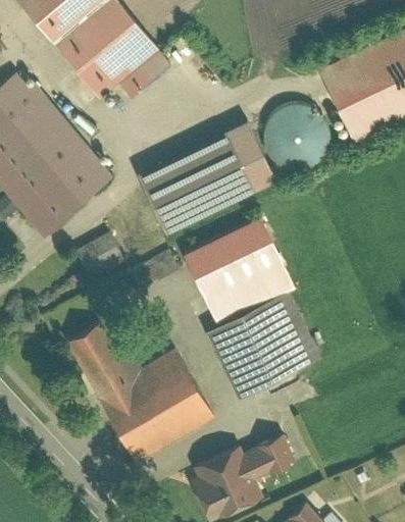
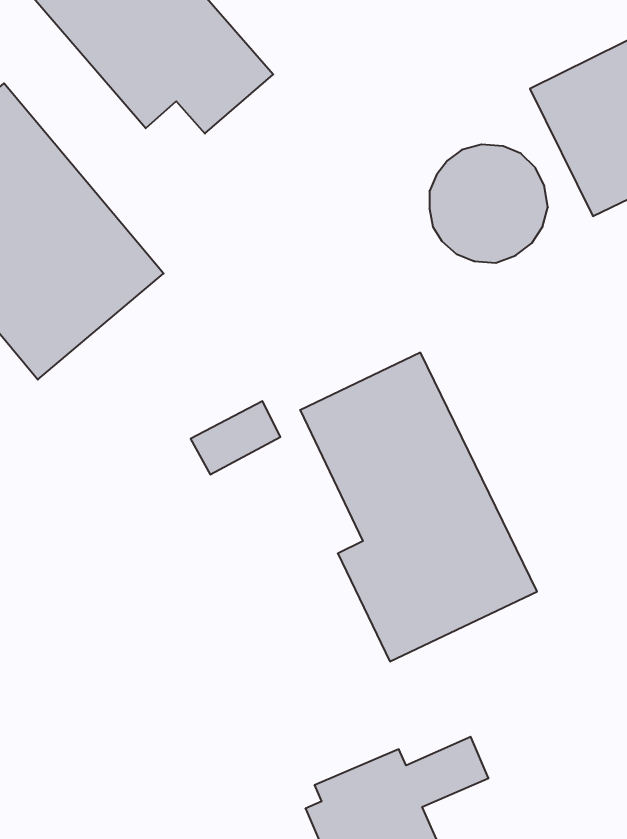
building: [140,123,274,232] -> none
building: [74,231,122,279] -> none
building: [65,319,213,466] -> none

